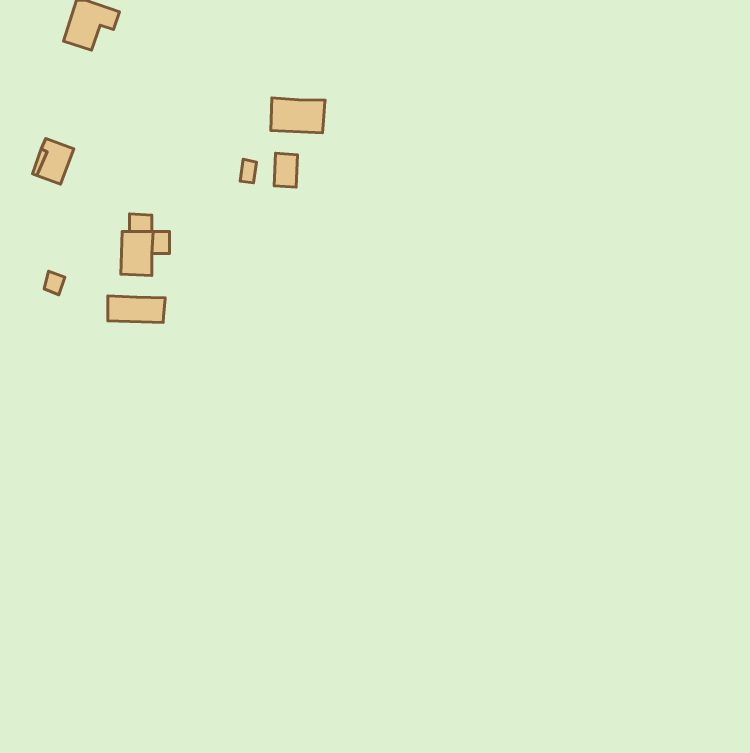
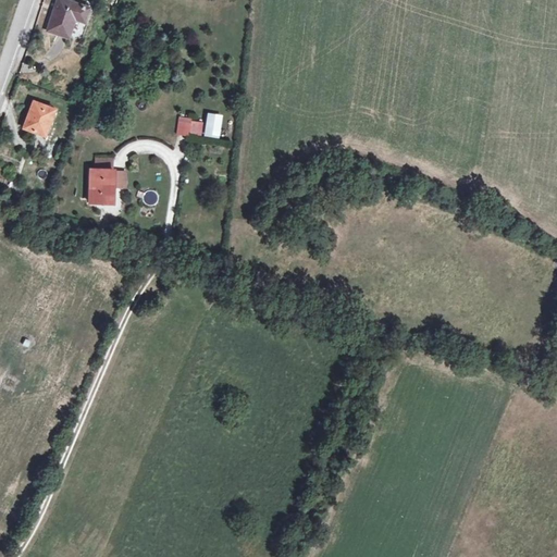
building: [271,98,325,133] -> none
building: [108,296,165,323] -> none

